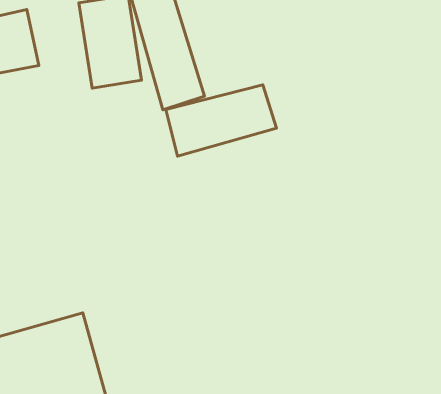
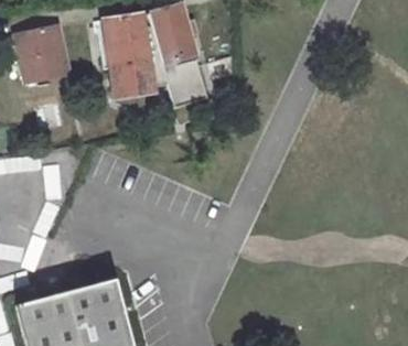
building: [166,85,277,156] -> none

